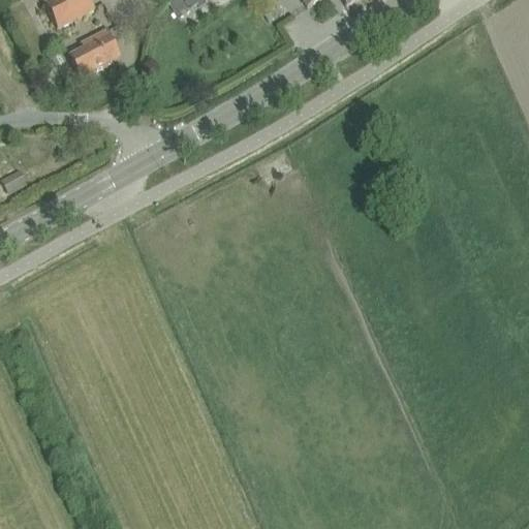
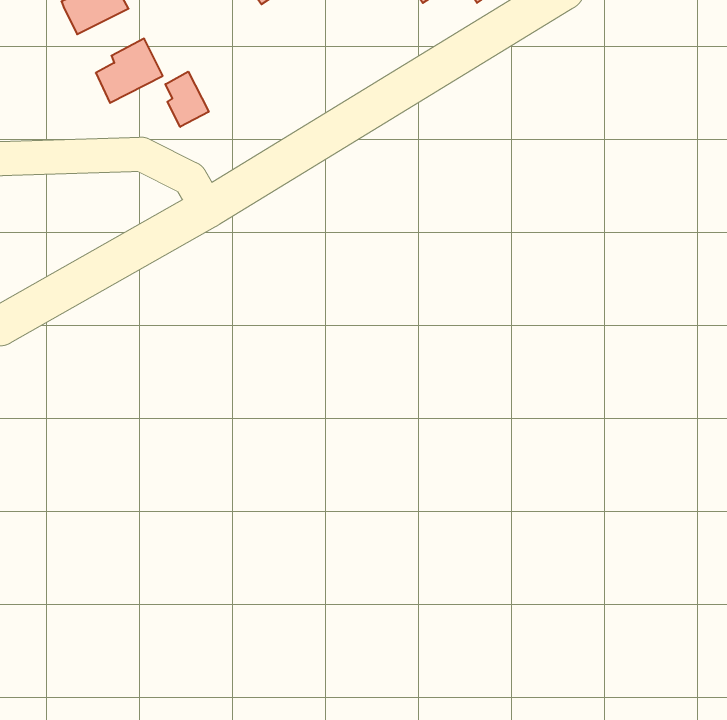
building: none -> [165,72,209,127]

